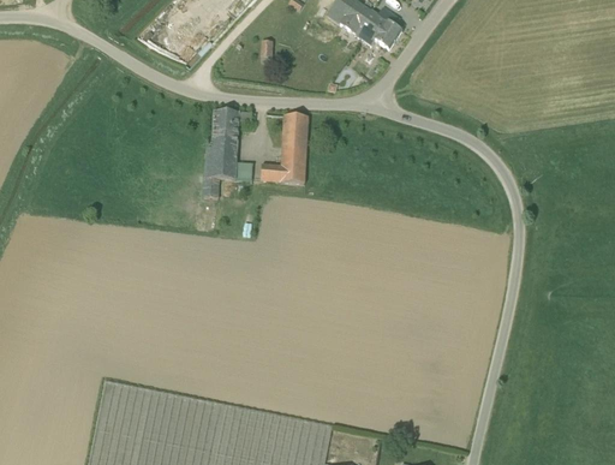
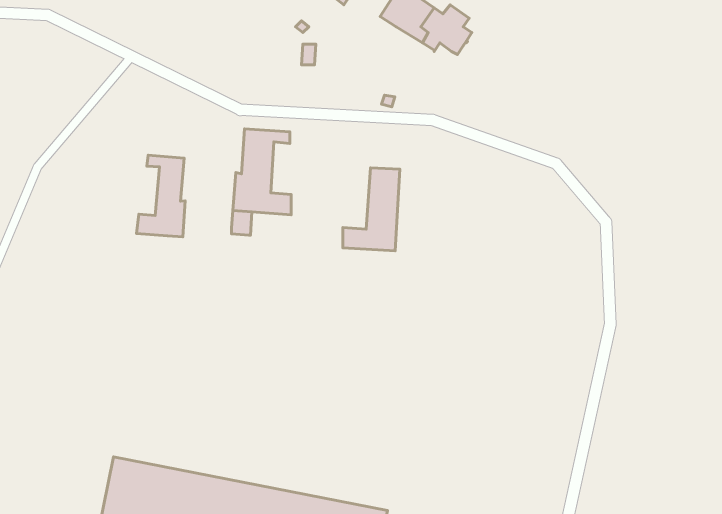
building: [261,115,308,184] -> [343,168,400,251]
building: none -> [136,155,185,237]

